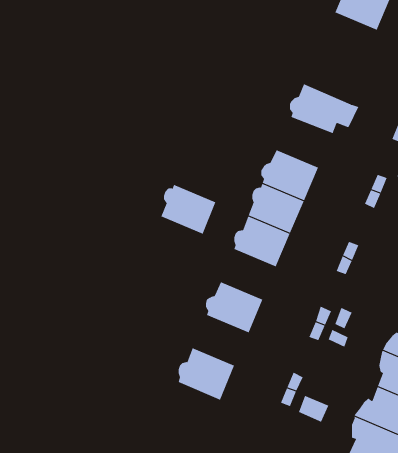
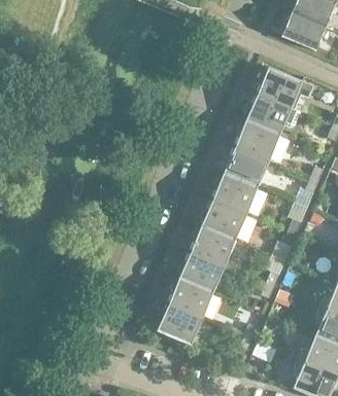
building: none -> [257,68,312,111]
building: none -> [235,121,280,161]
building: [161,184,216,235] -> [191,226,235,266]
building: none -> [168,279,213,319]

